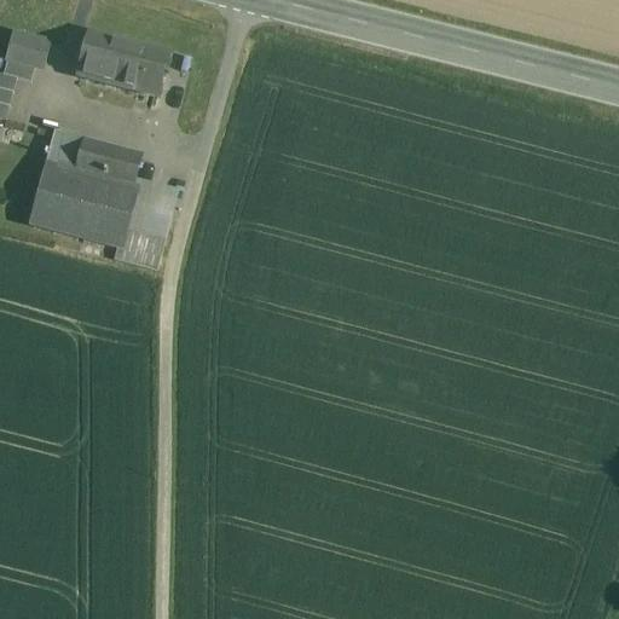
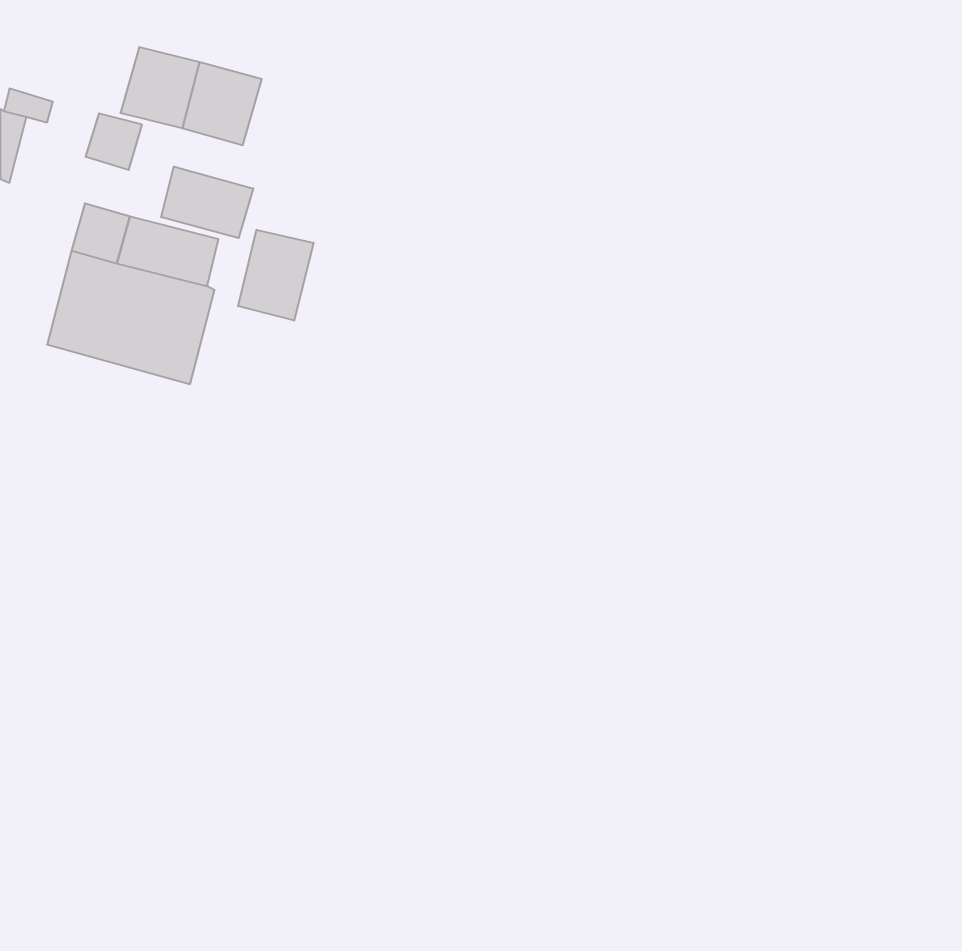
building: [6,29,42,65] -> [86,113,142,170]
building: none -> [161,167,253,238]
building: none -> [238,230,314,321]

